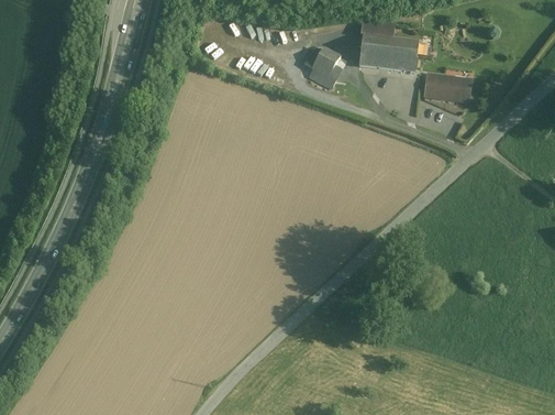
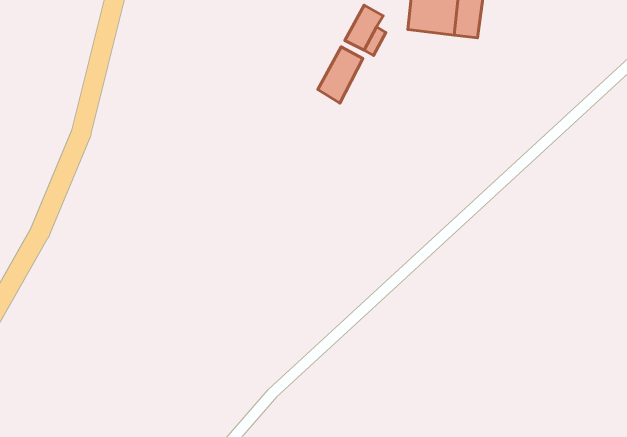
building: [423,73,470,101] -> none
building: none -> [318,47,363,103]

